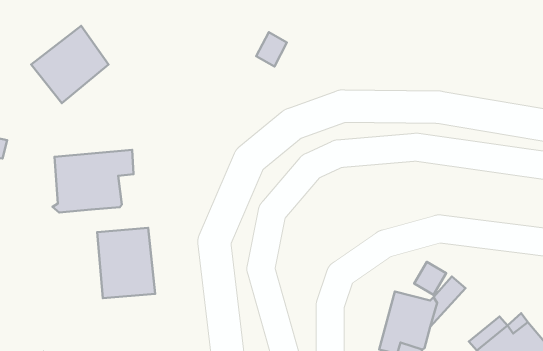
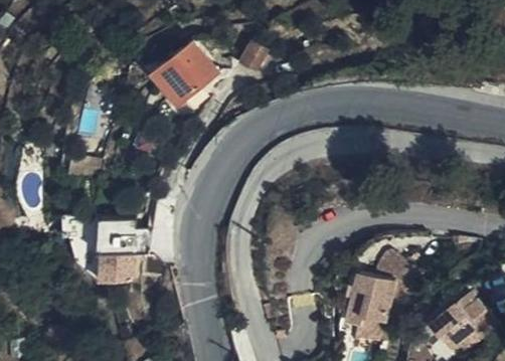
building: [31,26,108,103] -> [148,40,216,109]
building: [53,150,134,212] -> none

